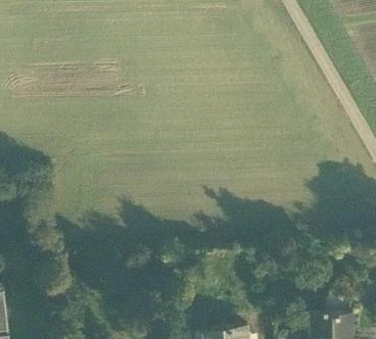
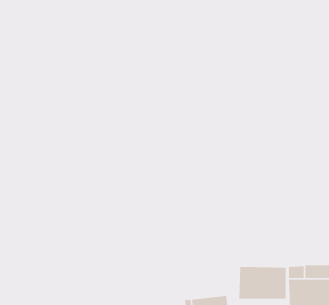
building: none -> [238,266,286,300]

